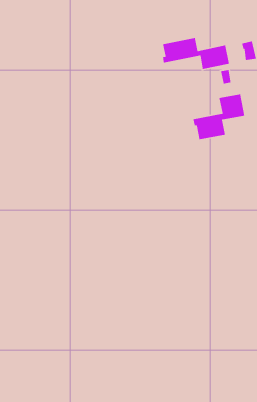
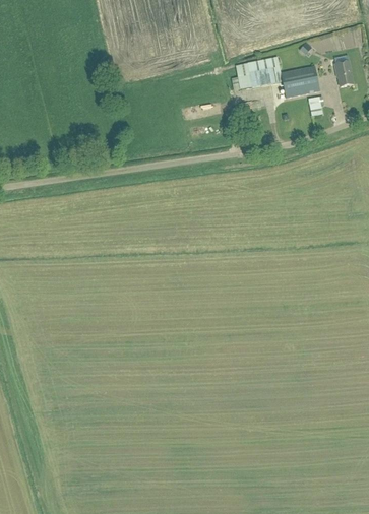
building: [192,93,245,140] -> none

